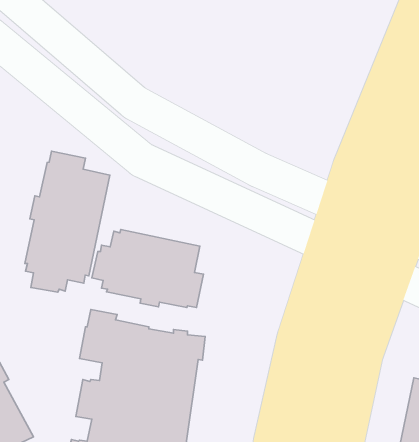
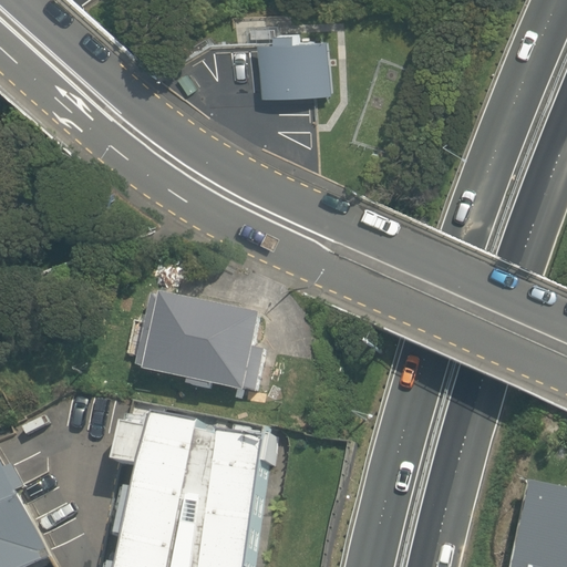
building: none -> [262,35,333,99]
building: [25,151,110,292] -> none

